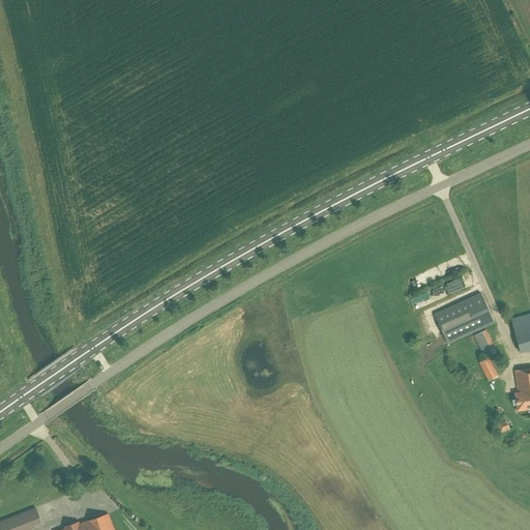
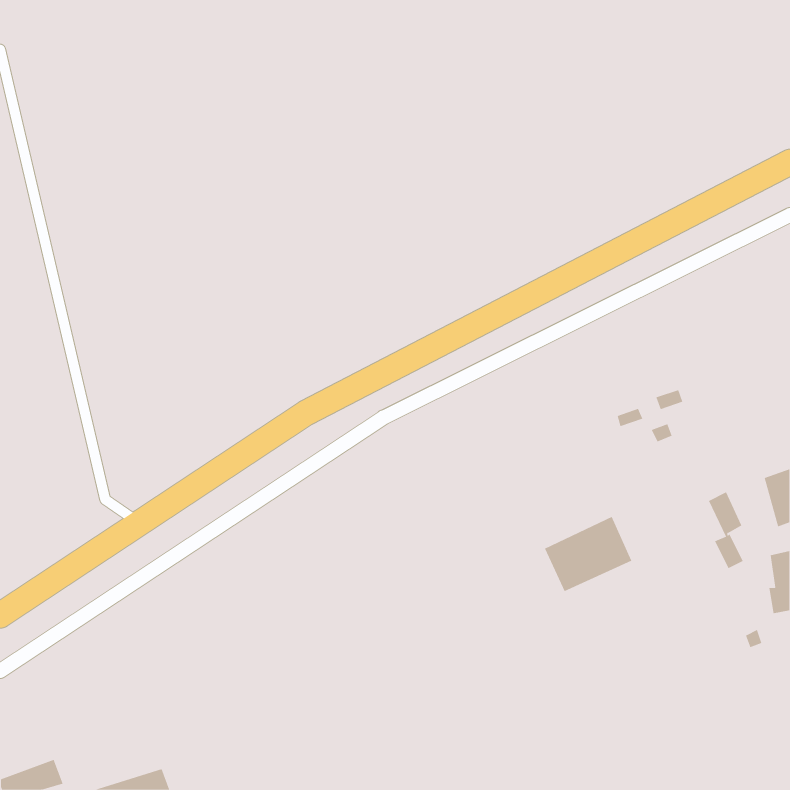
building: [435,293,494,344] -> [544,516,632,592]

